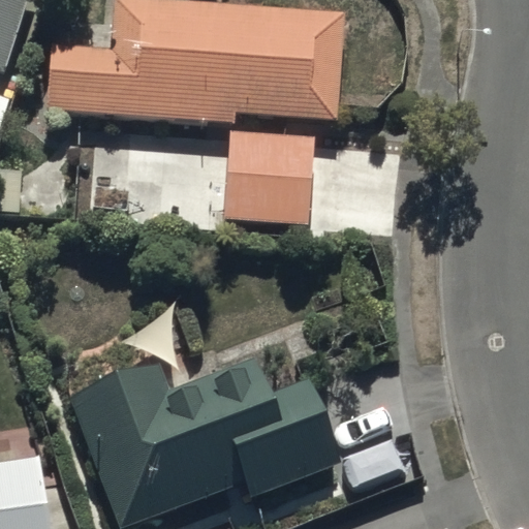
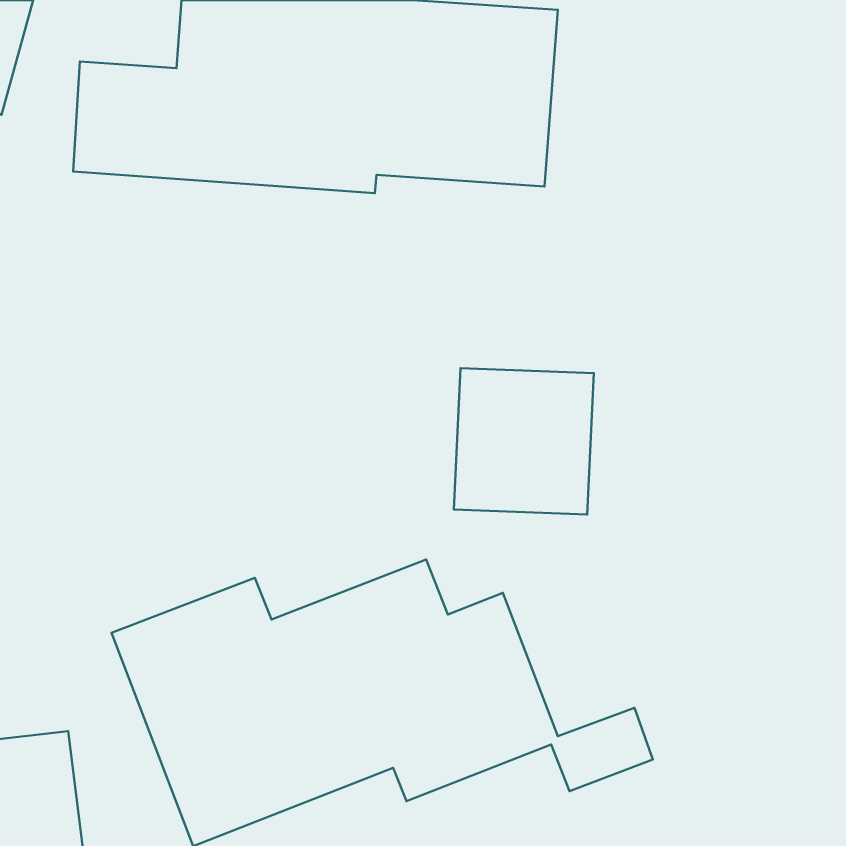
building: [225,132,312,223] -> [454,368,594,515]

